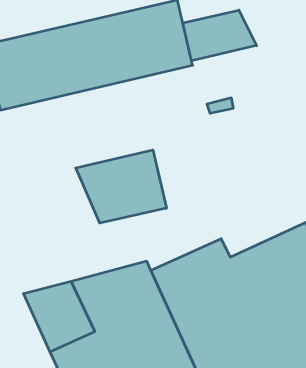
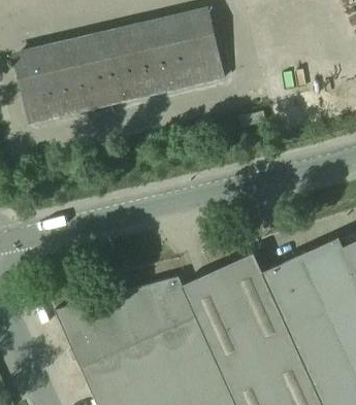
building: [183,10,257,61] -> none
building: [76,150,166,223] -> none

